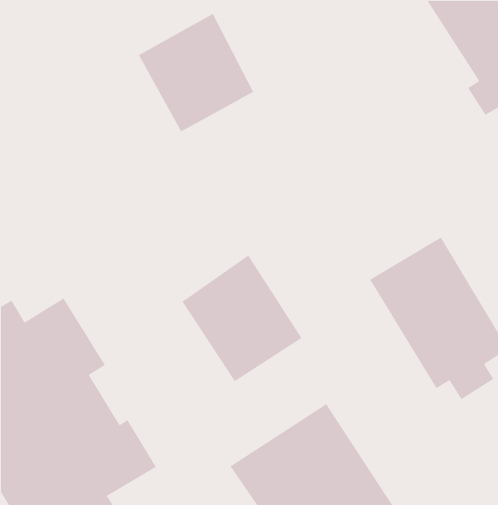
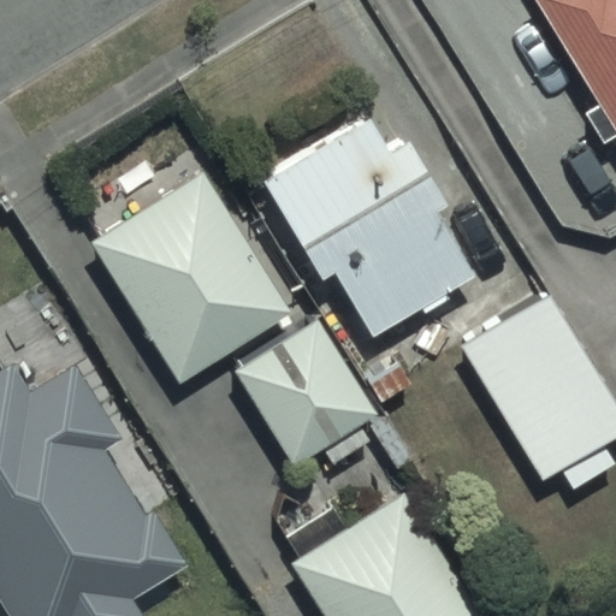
building: [138,13,254,132] -> none
building: none -> [259,122,468,336]
building: none -> [83,161,289,385]

